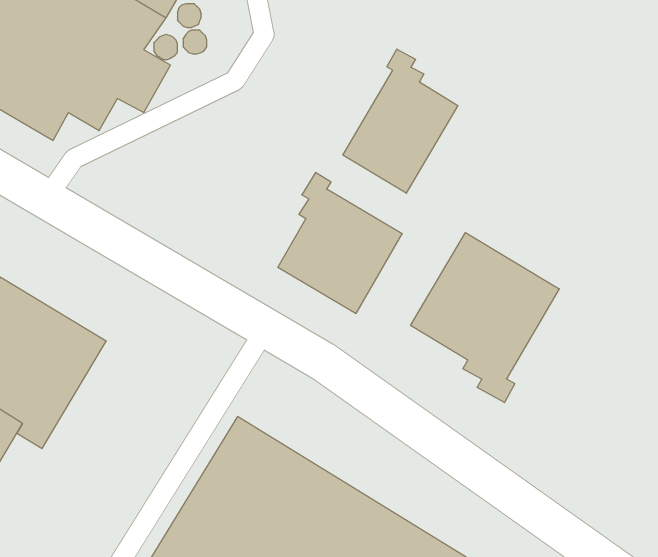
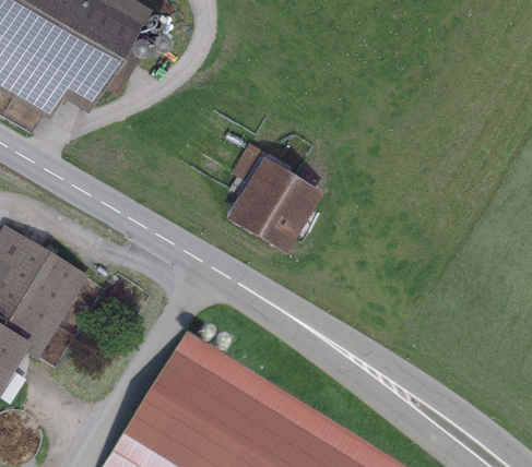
building: [343,49,458,193] -> none
building: [411,233,559,403] -> none

